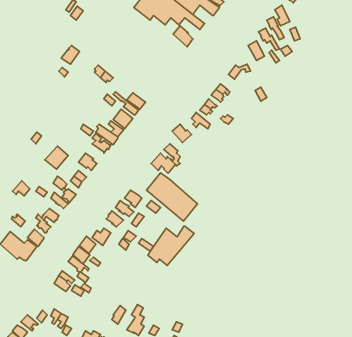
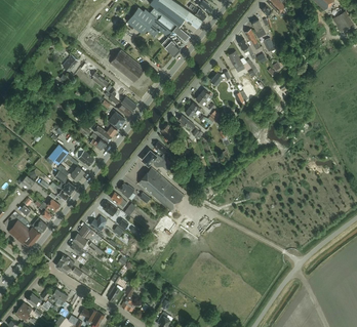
building: none -> [111,50,146,83]
building: [148,226,194,266] -> none

